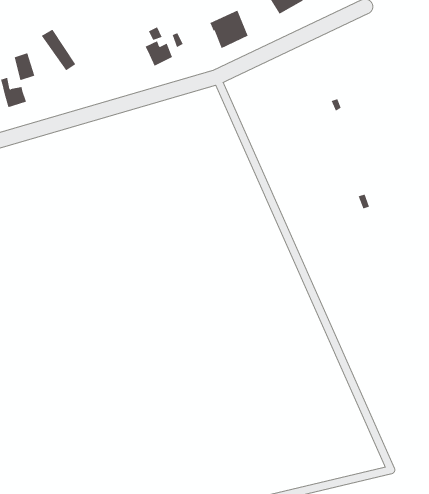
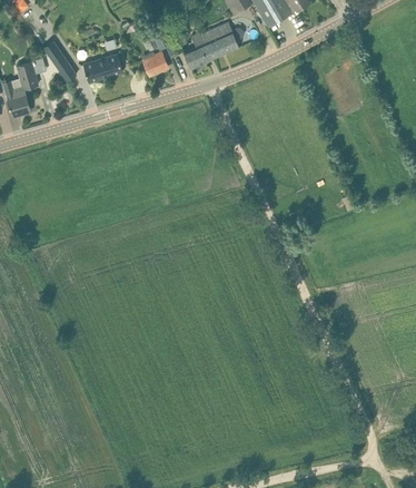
building: none -> [184,31,214,67]
building: none -> [83,52,122,81]

